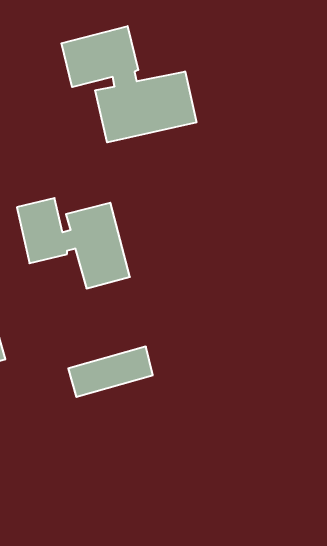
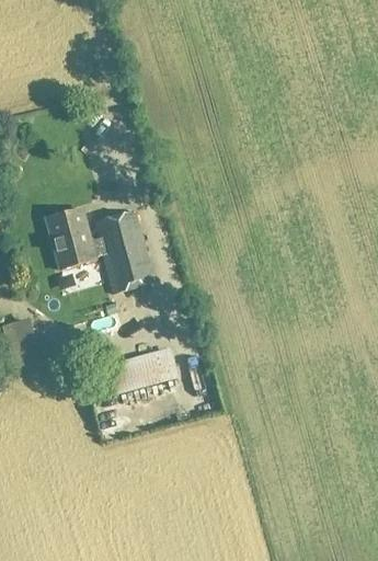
building: [61,26,196,142] -> none

